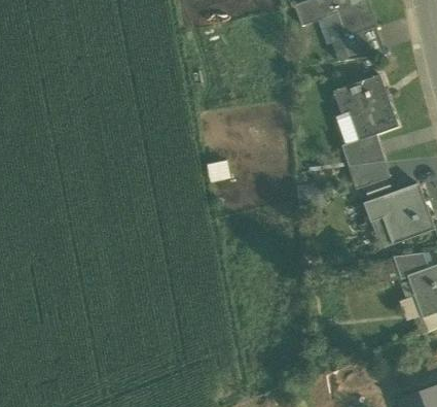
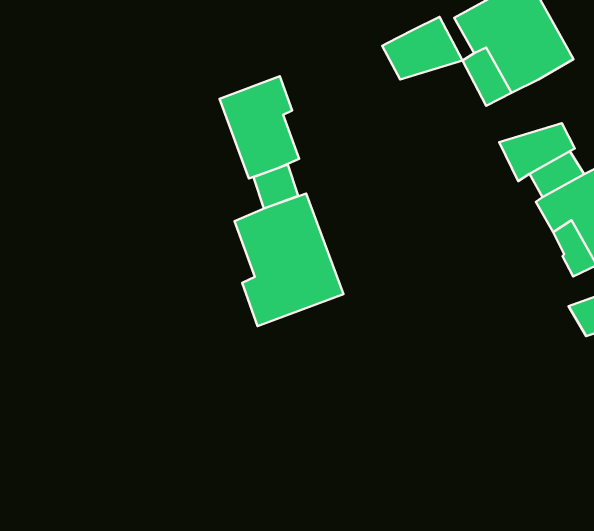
building: none -> [219,76,299,179]
building: [341,132,386,164] -> [382,17,463,79]
building: none -> [235,193,343,326]

